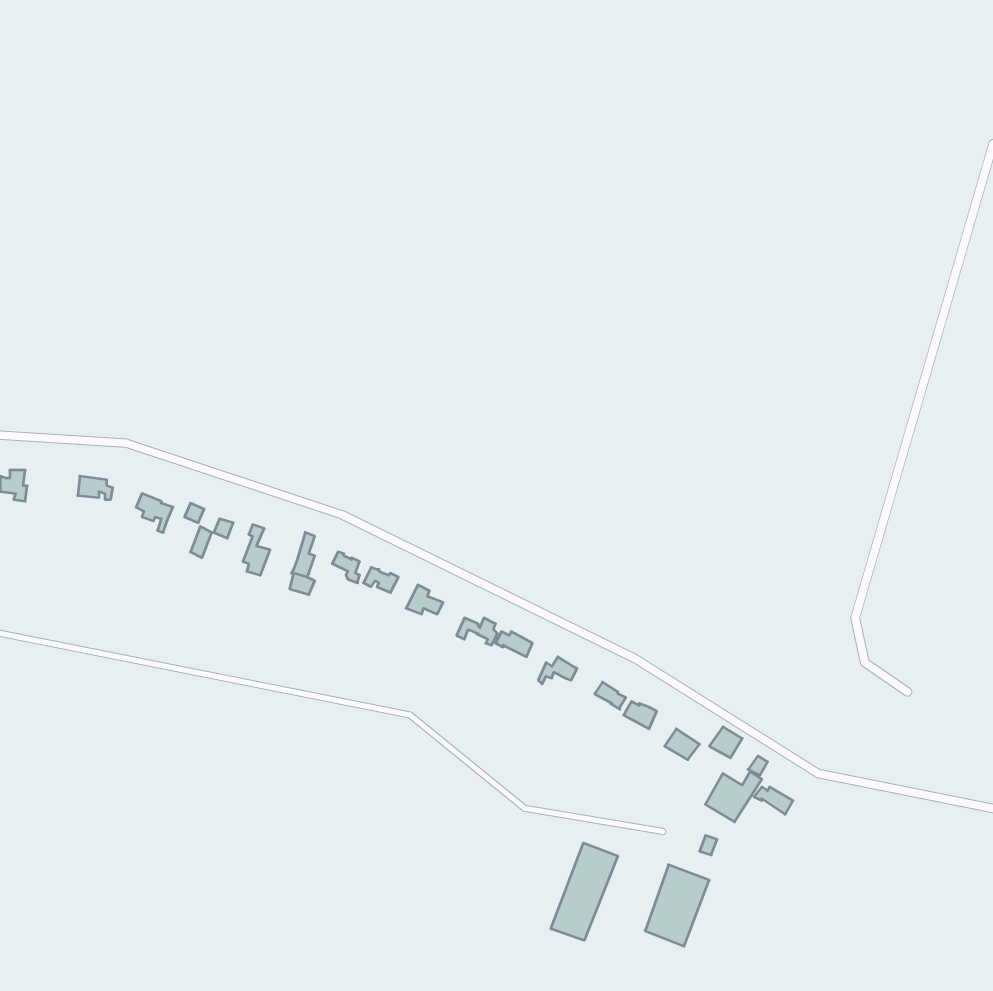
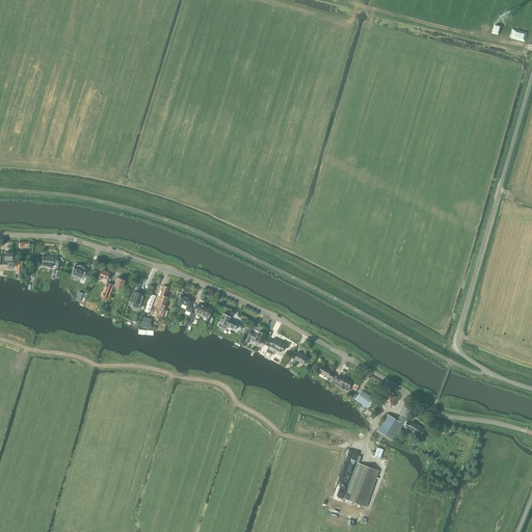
building: [551,843,618,940] -> none

